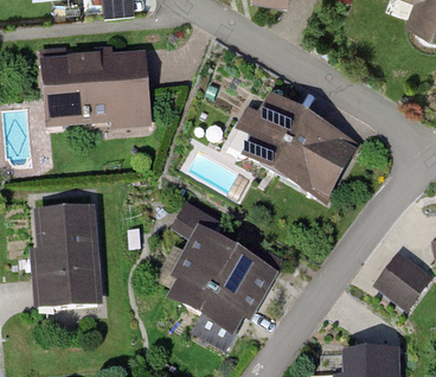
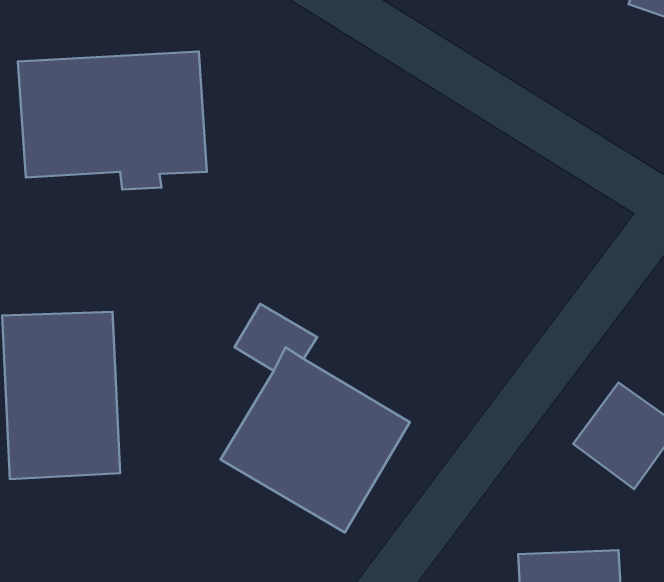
building: [235,91,361,204] -> none

